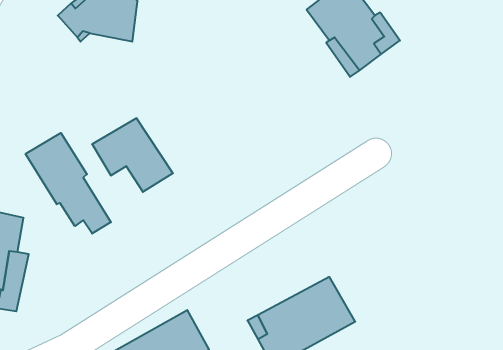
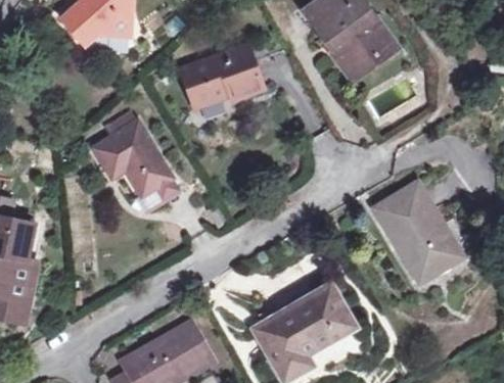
building: none -> [184,47,268,111]
building: [26,133,111,234] -> none
building: none -> [367,182,454,278]

